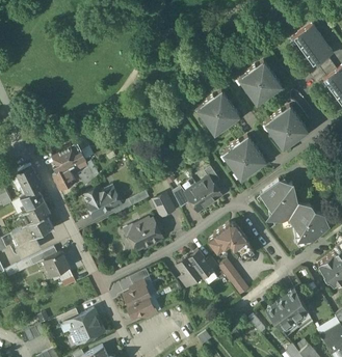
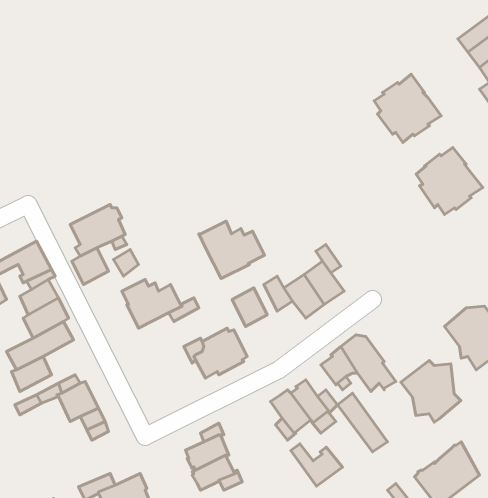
building: [199,90,240,133] -> none
building: [225,136,266,177] -> none
building: none -> [199,221,264,279]
building: [261,181,298,219] -> [401,360,461,422]
building: none -> [291,444,343,486]

